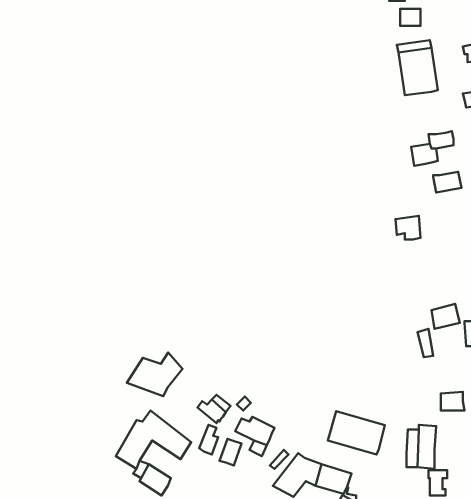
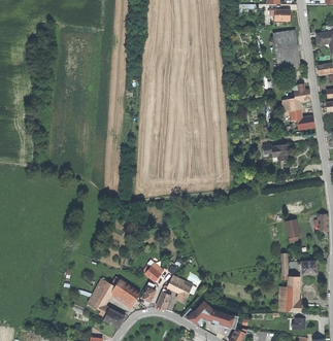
building: [127,352,182,396] -> none
building: [328,411,385,455] -> none

